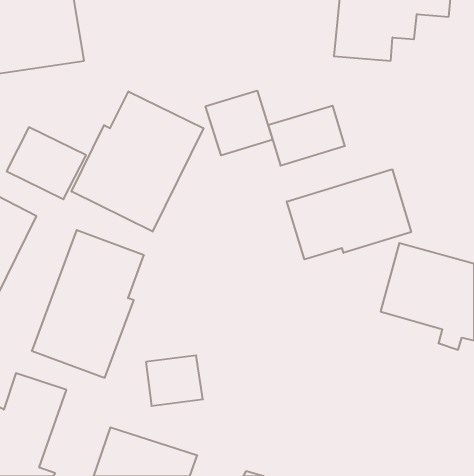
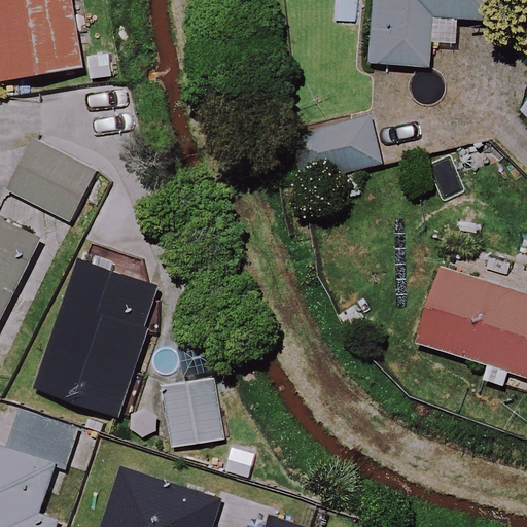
building: [206,91,273,155] -> none
building: [71,91,203,232] -> none
building: [287,169,411,259] -> none

